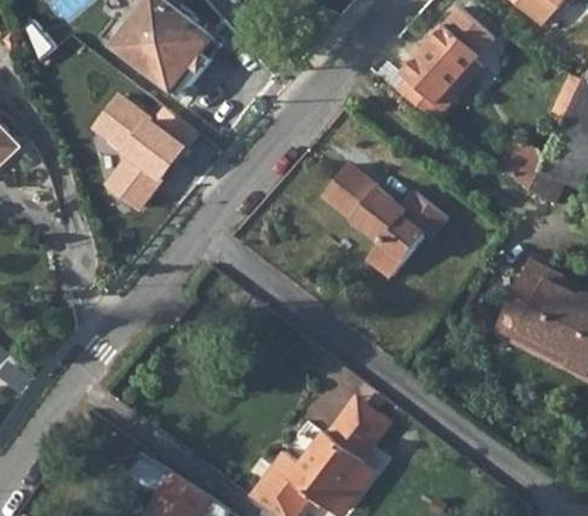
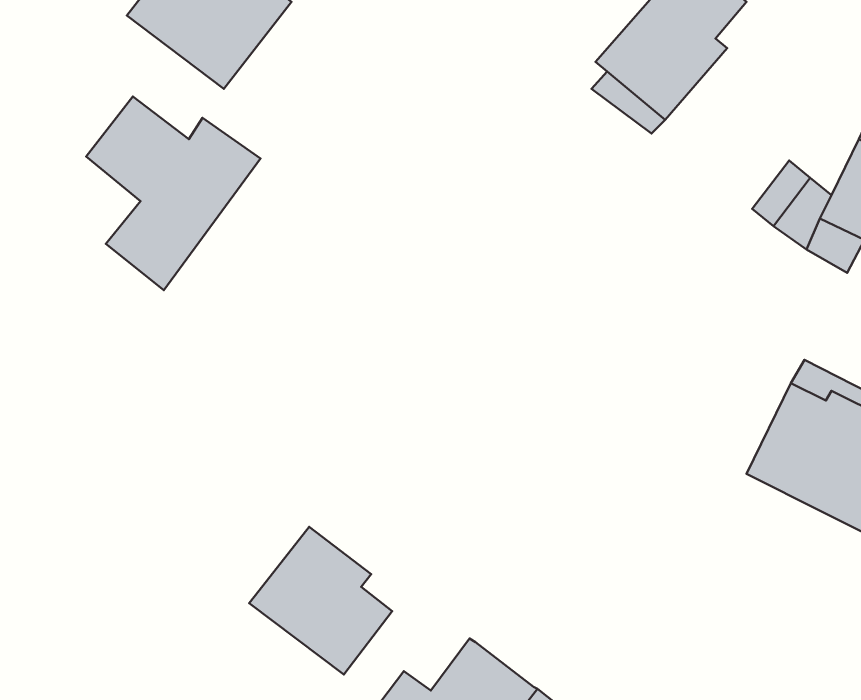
building: [322,162,446,277] -> none
building: none -> [249,527,392,674]
building: [327,394,390,460] -> none

